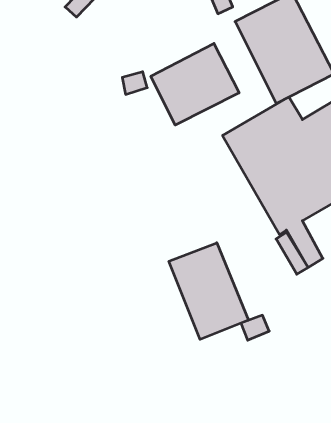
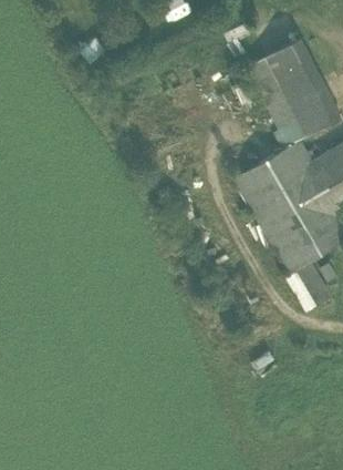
building: [151,43,239,125] -> none
building: [169,243,248,339] -> none

